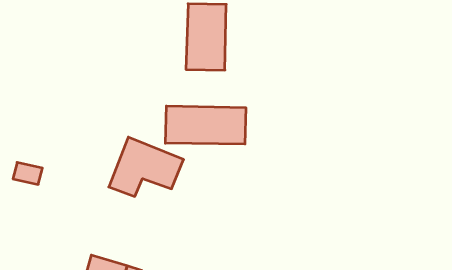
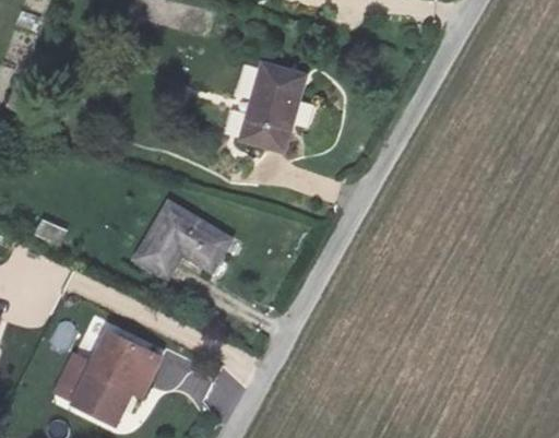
building: [165,106,246,144] -> none

